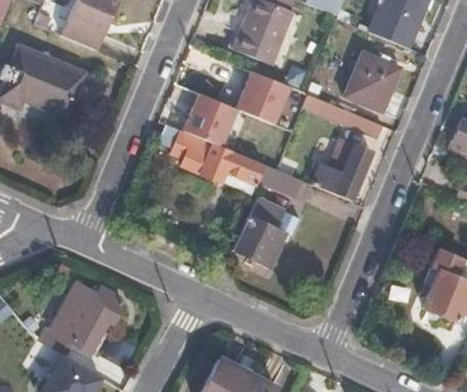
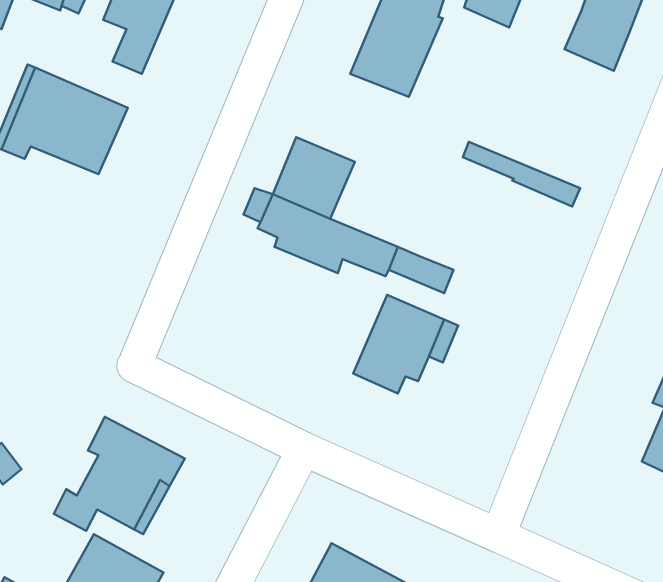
building: [347,51,401,110] -> none
building: [235,70,291,125] -> none
building: [313,137,374,199] -> none

